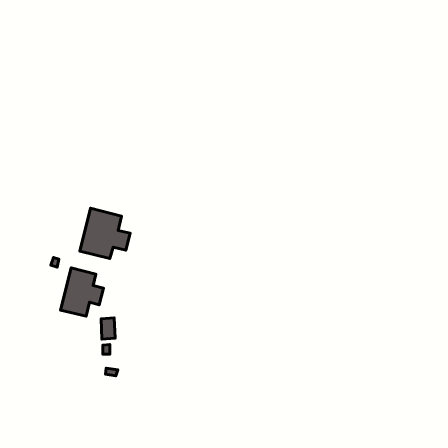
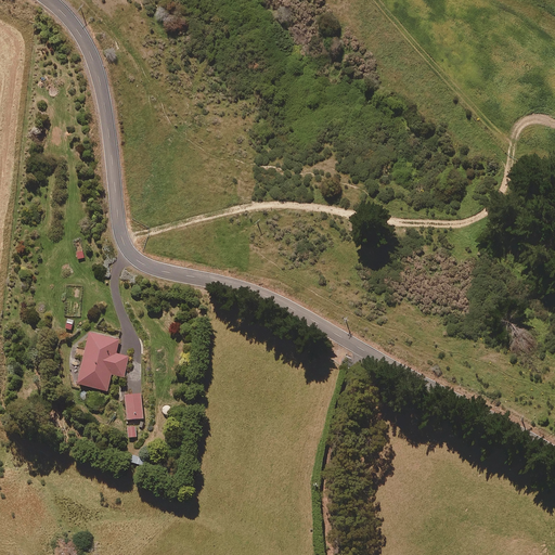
building: [80,208,130,259] -> none

